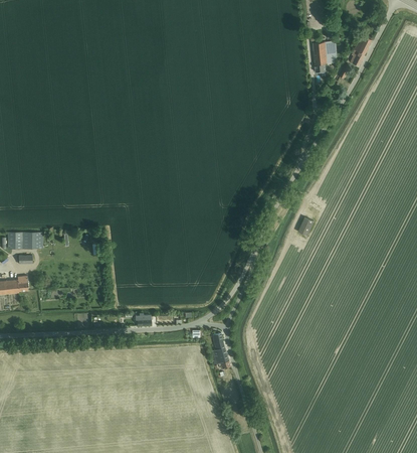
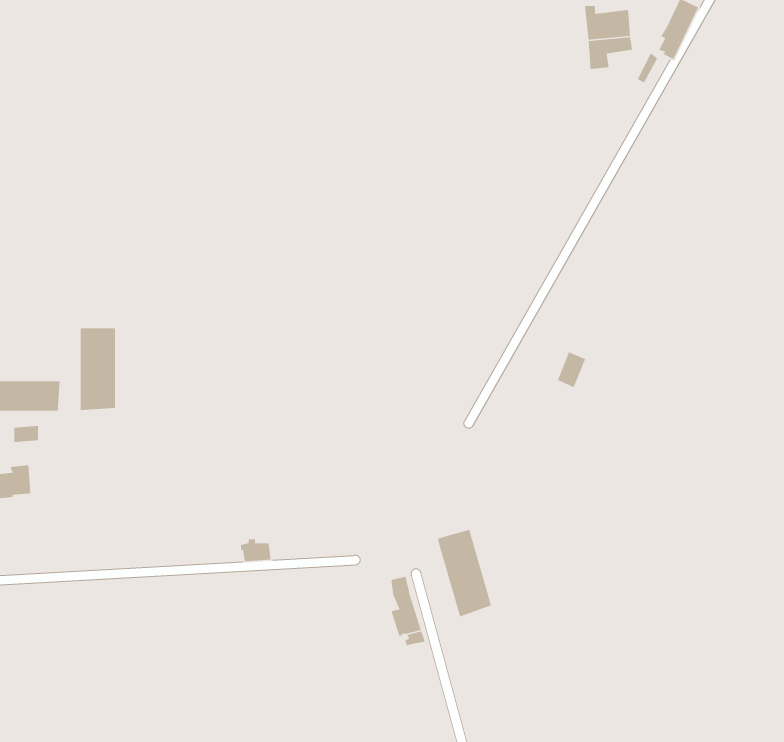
building: none -> [80,327,116,411]
building: none -> [437,529,492,618]

